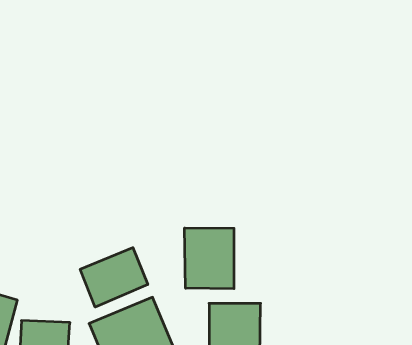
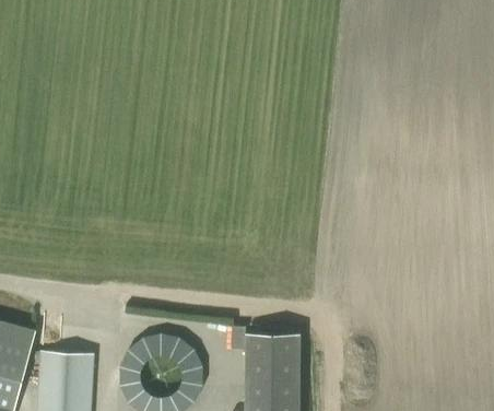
building: [185,228,234,289] -> none
building: [80,248,148,307] -> none

